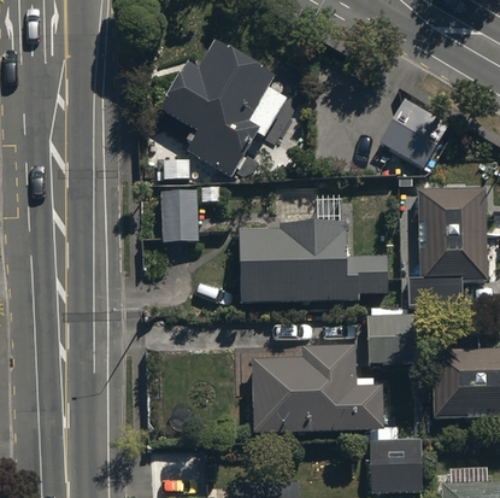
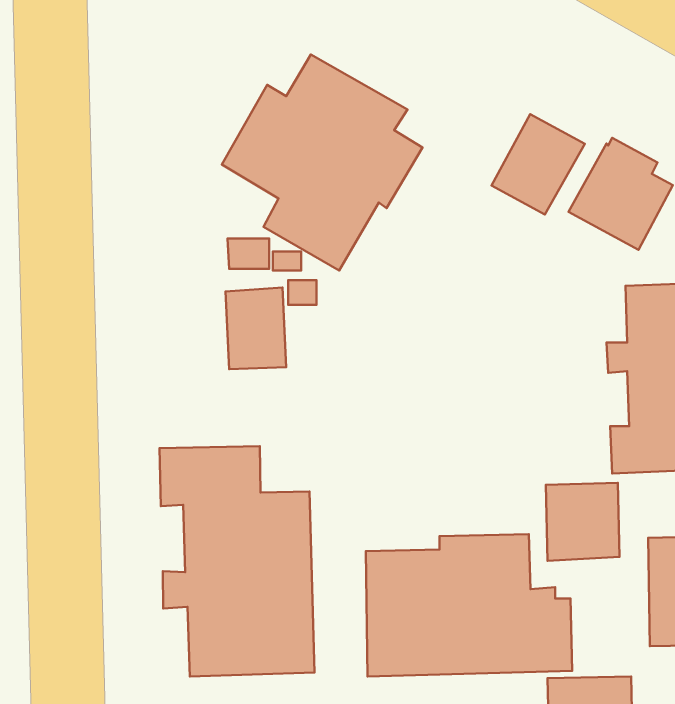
building: none -> [492,114,585,214]
building: [239,195,387,306] -> none
building: none -> [159,446,315,676]

